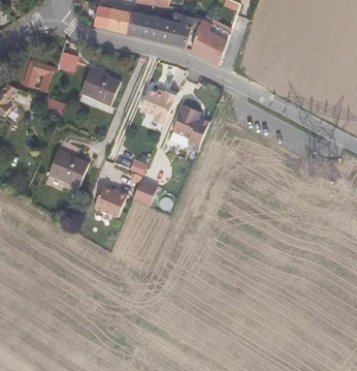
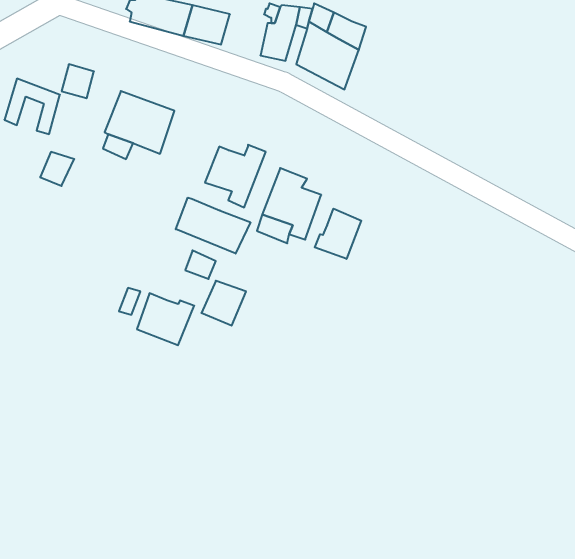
building: [148,20,174,43] -> none
building: none -> [176,198,250,254]
building: none -> [315,209,361,259]
building: [47,148,89,186] -> none

